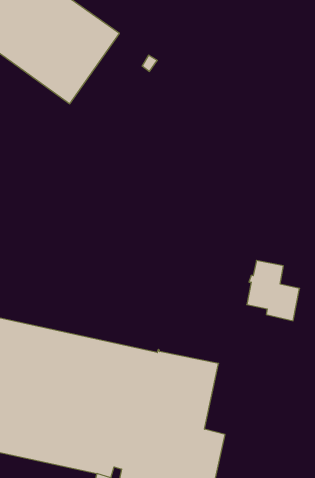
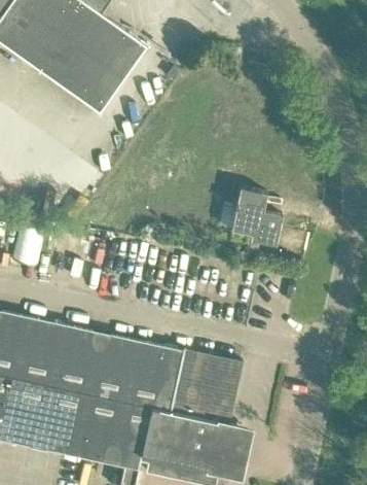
building: [247,260,300,321] -> [231,188,282,246]

